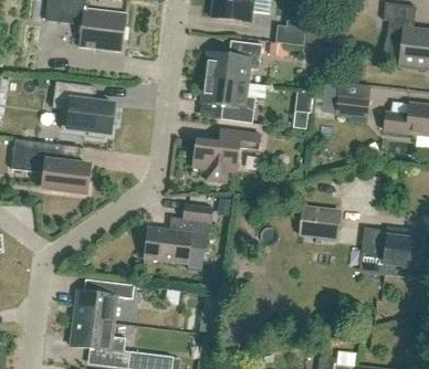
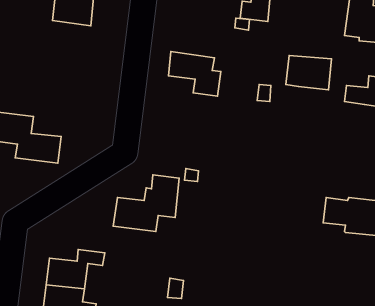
building: [203,41,262,83] -> none
building: [52,81,118,137] -> none
building: [192,128,261,182] -> none
building: [301,207,341,236] -> none

